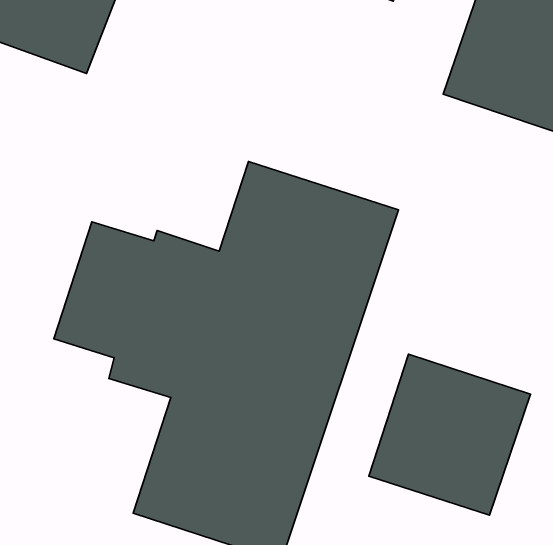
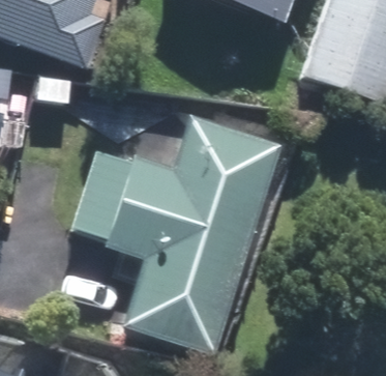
building: [369,354,531,515] -> none

